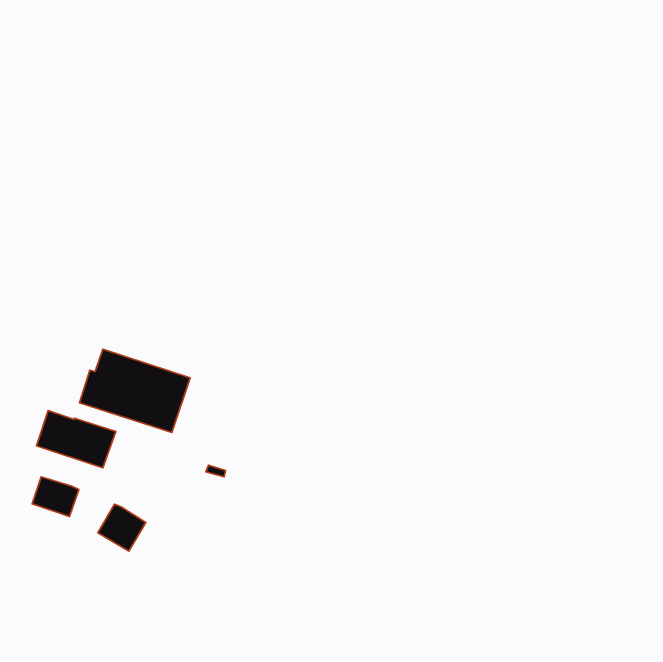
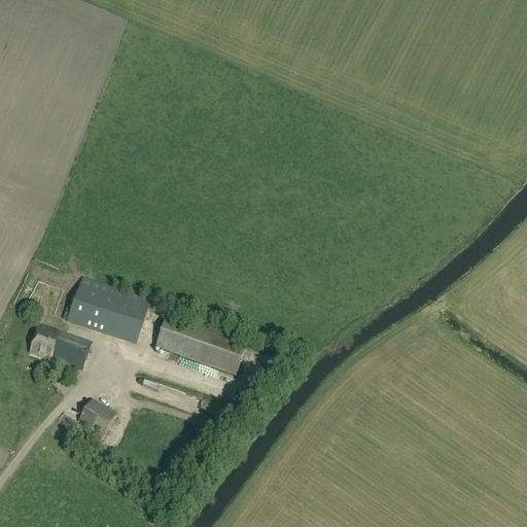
building: none -> [154,315,245,374]
building: [32,477,79,517] -> none

